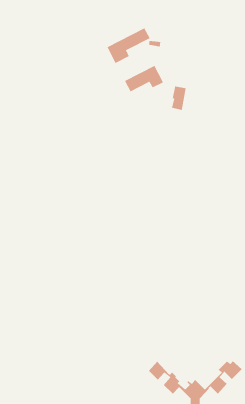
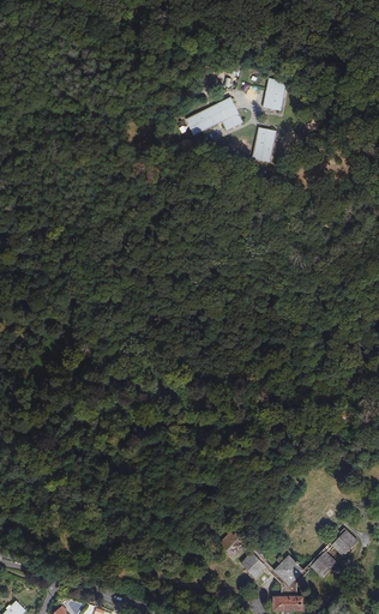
building: [107,27,150,64] -> none
building: none -> [261,77,285,110]

